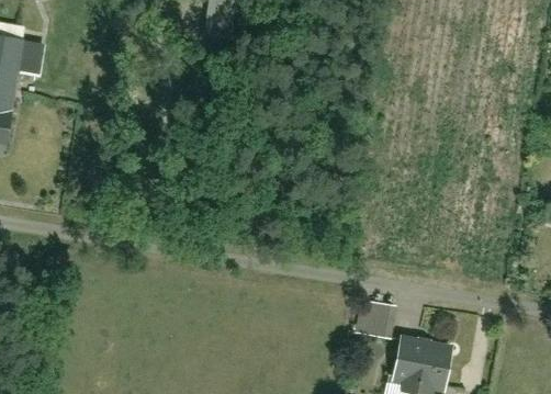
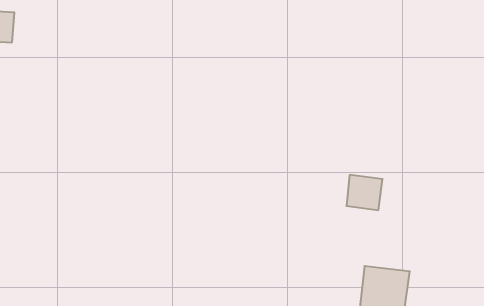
building: [355,301,395,340] -> [346,175,383,210]

